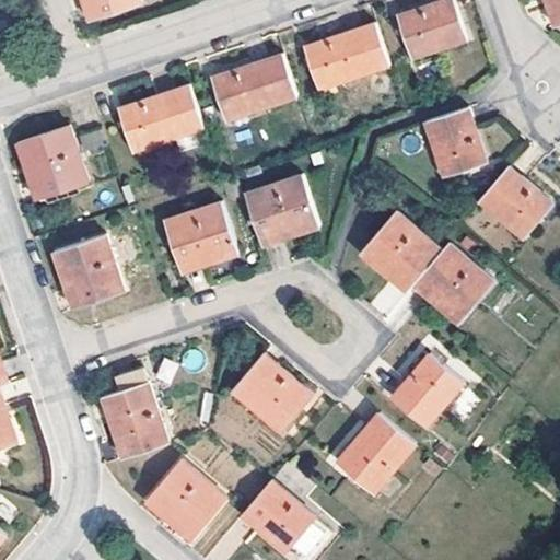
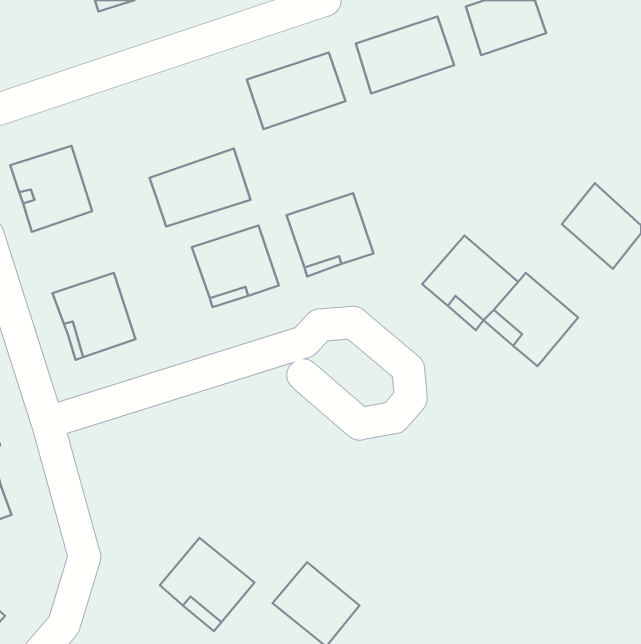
building: [117,83,203,150] -> [149,149,251,227]
building: [420,113,482,184] -> none
building: [392,351,465,425] -> none
building: [232,353,312,431] -> none
building: [101,368,166,458] -> none
building: [338,411,416,492] -> none

